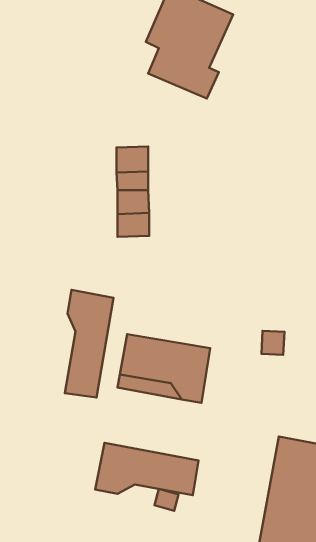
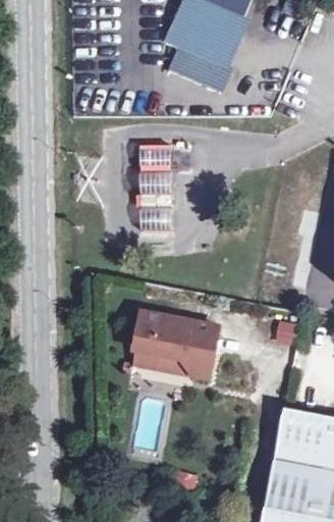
building: [65,290,113,398] -> none
building: [95,443,199,495] -> none

